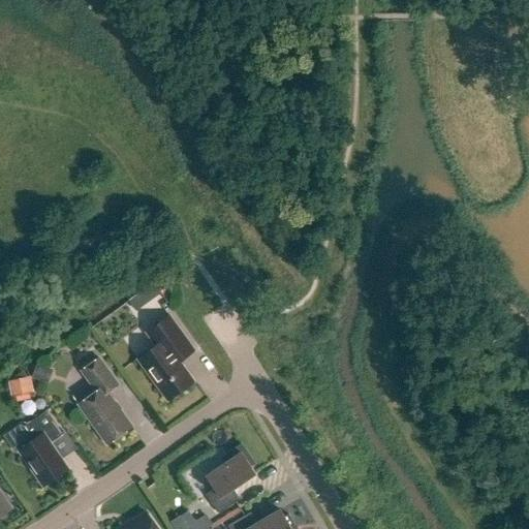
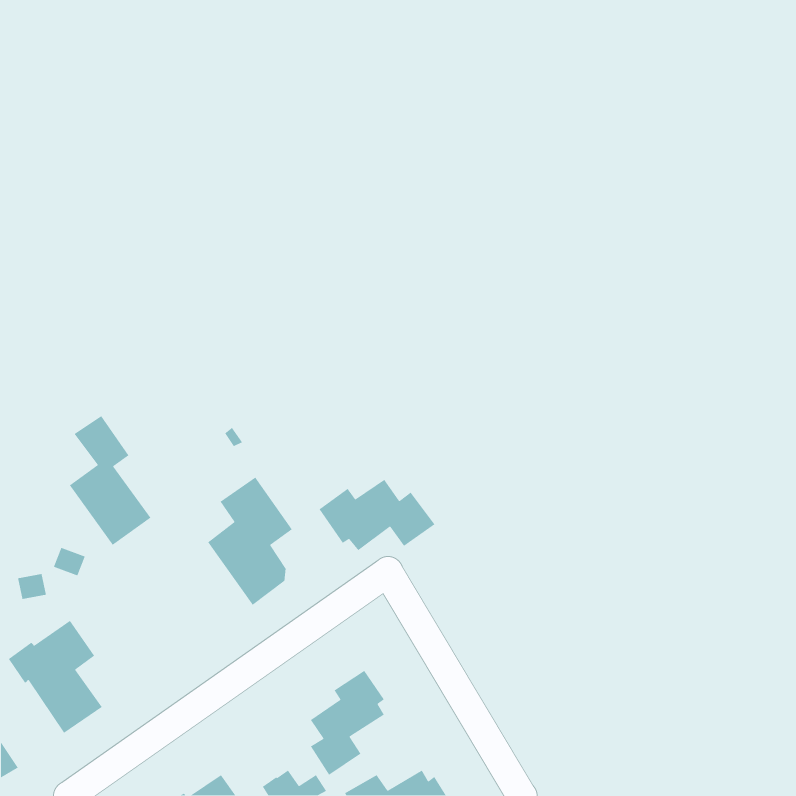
building: none -> [318,479,435,551]
building: [77,359,132,445] -> [69,415,151,546]

